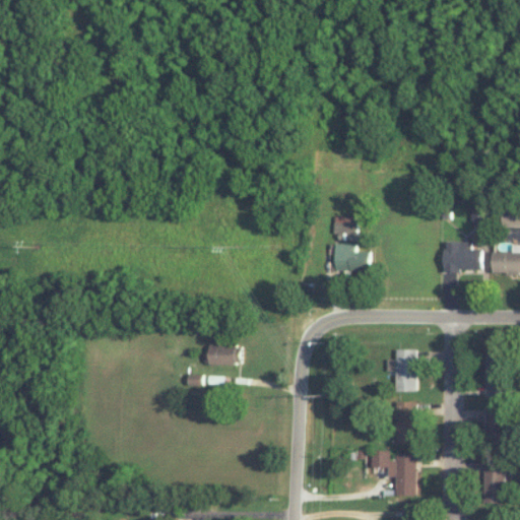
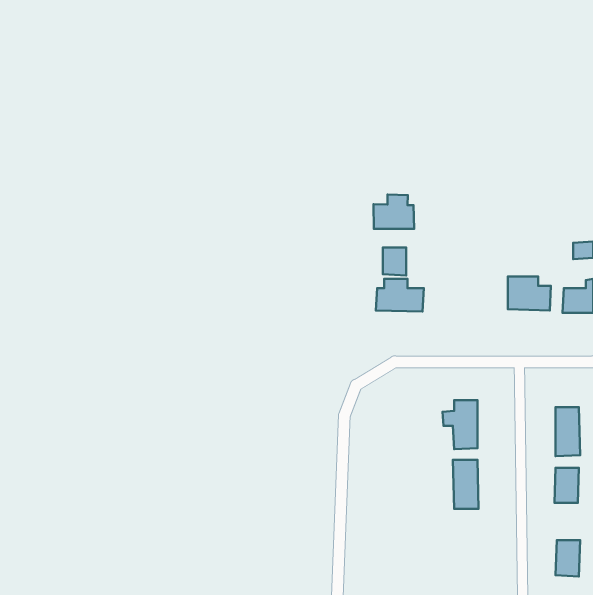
building: none -> [373,195,414,229]
building: [207,344,240,365] -> none
building: [371,451,415,497] -> none

